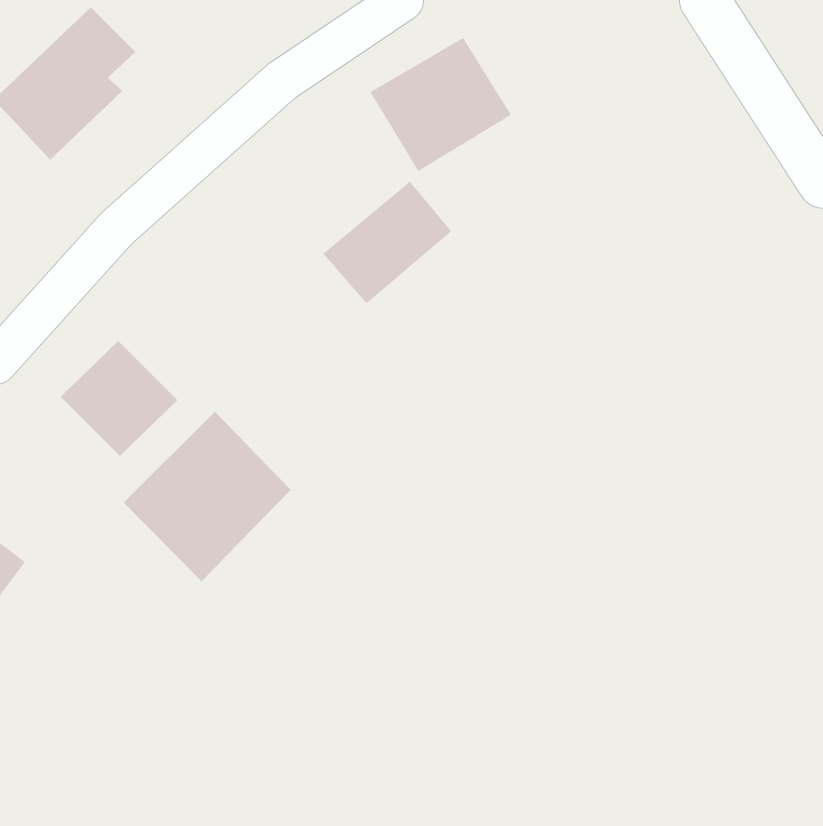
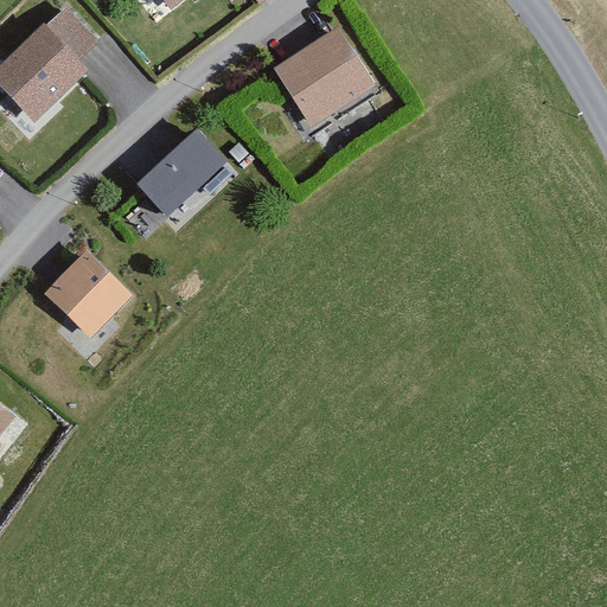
building: [323,181,452,304] -> [134,128,229,218]
building: [123,411,292,582] -> none

